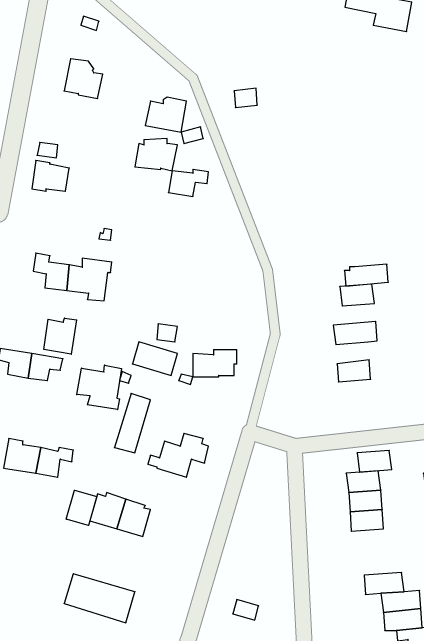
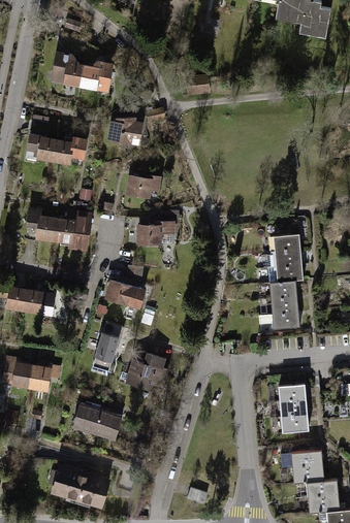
building: [145,97,186,132] -> [78,63,112,91]
building: none -> [53,136,86,163]
building: [168,169,208,196] -> [127,175,159,197]
building: [344,264,388,286] -> [266,250,301,267]
building: [44,318,77,354] -> none
building: none -> [269,281,296,298]
building: [193,350,237,377] -> [138,222,173,243]
building: [77,365,121,410] -> none
building: [357,450,392,472] -> [272,310,299,328]
building: [66,490,97,525] -> none
building: none -> [281,450,322,467]

